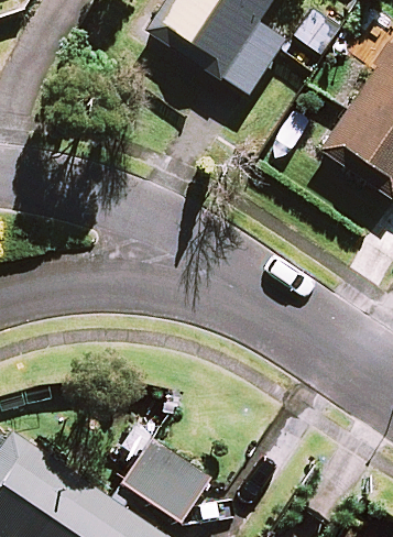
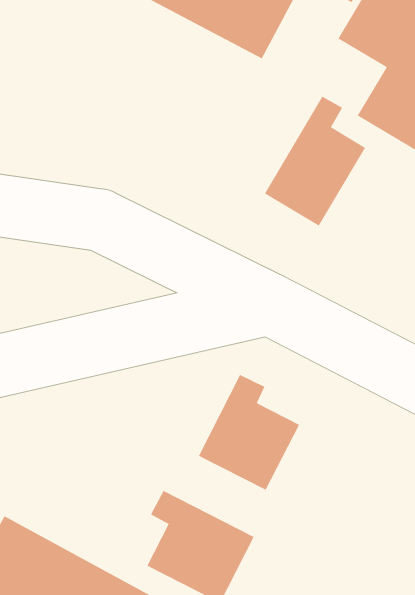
building: none -> [264,96,366,226]
building: none -> [198,374,300,491]

